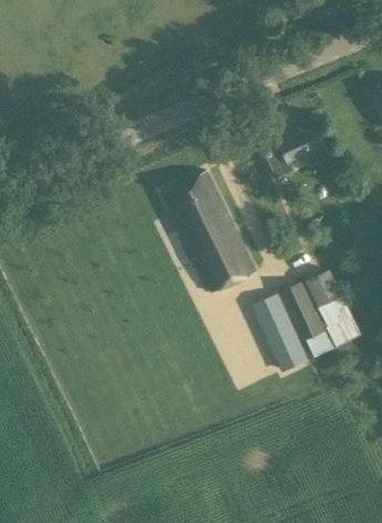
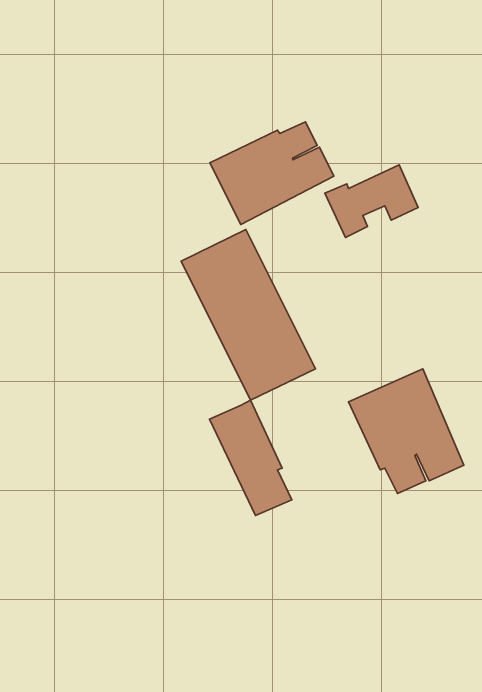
building: none -> [210,122,334,224]
building: [252,291,309,372] -> [210,400,292,516]

